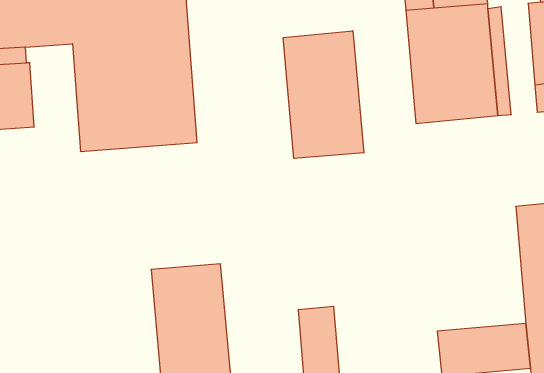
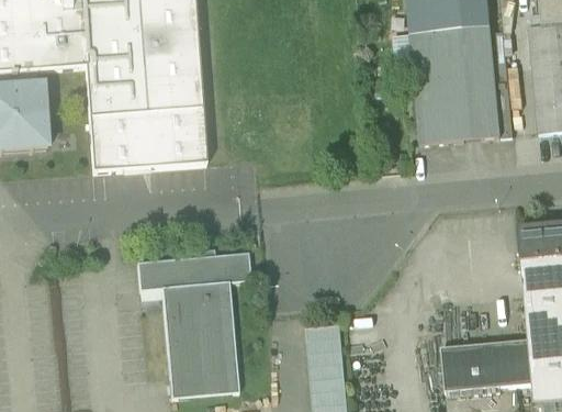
building: [283,31,364,159] -> none
building: none -> [137,250,251,289]

